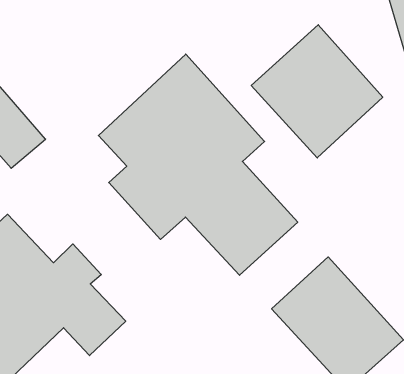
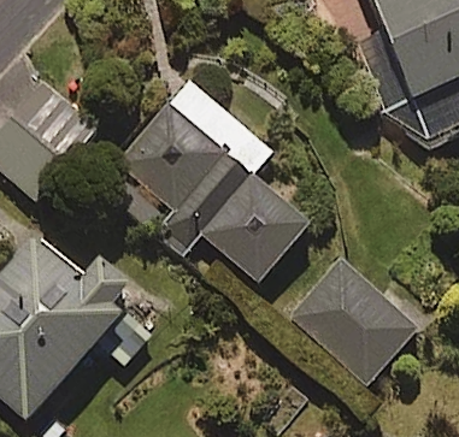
building: [251,25,383,158] -> none

